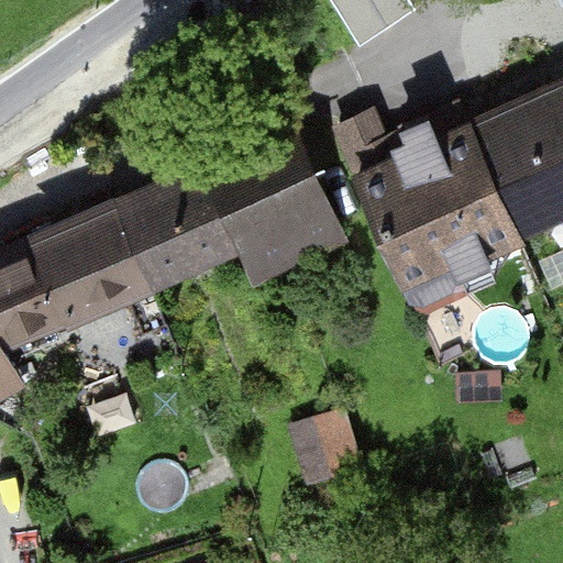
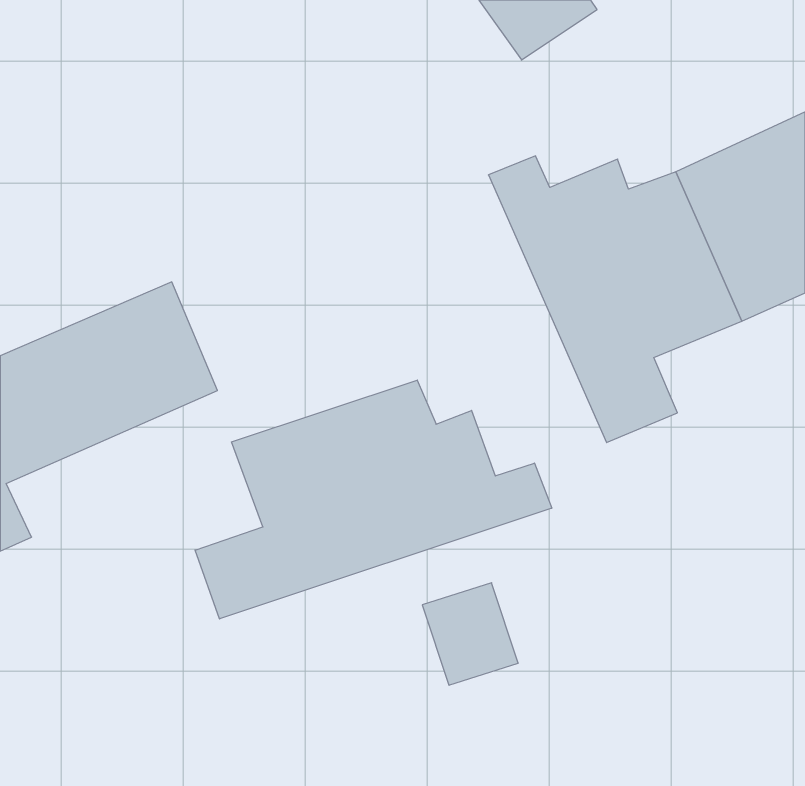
building: [120,135,343,286] -> none
building: none -> [195,380,552,619]

